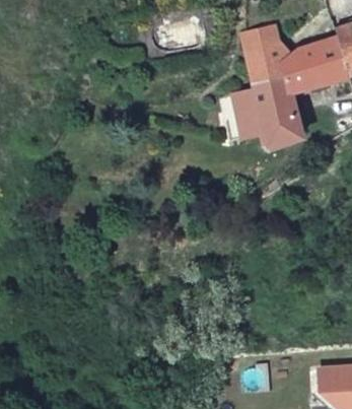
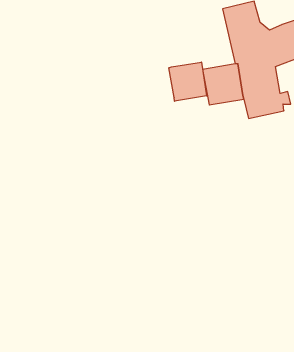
building: none -> [169,62,206,101]

